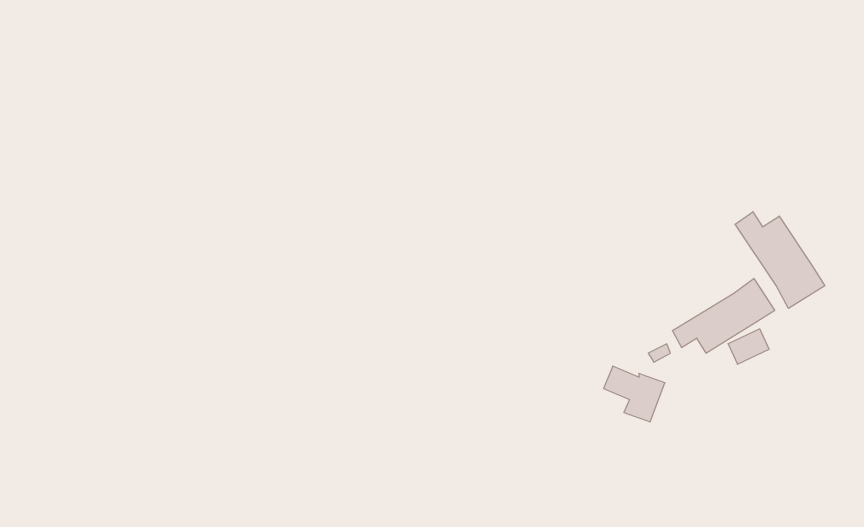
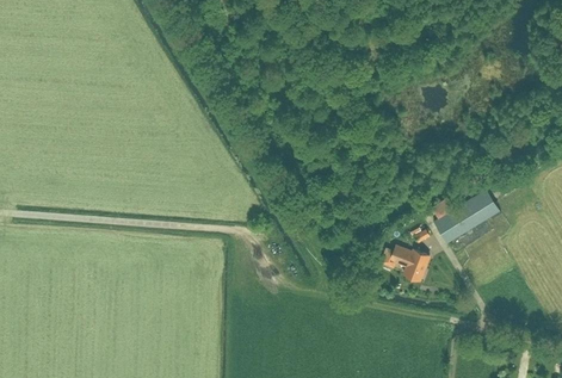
building: [735,212,825,308] -> none

